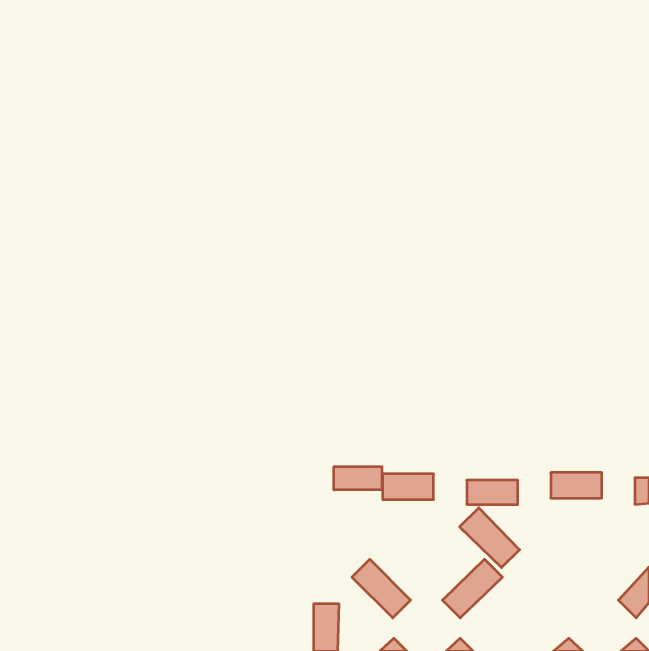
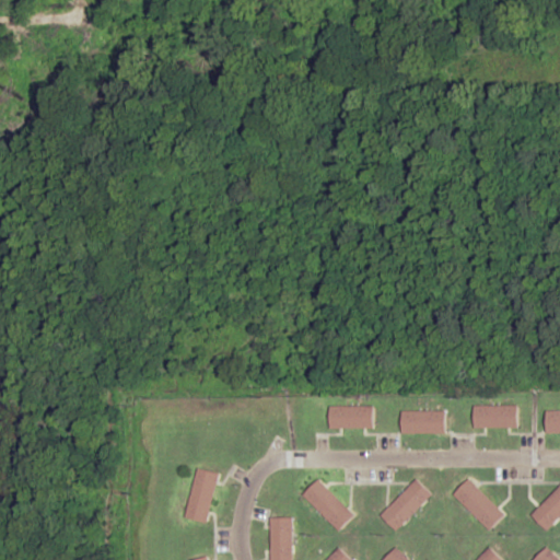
building: [334,467,382,490] -> none
building: [460,508,520,568] -> [452,479,503,530]
building: none -> [184,468,219,523]

